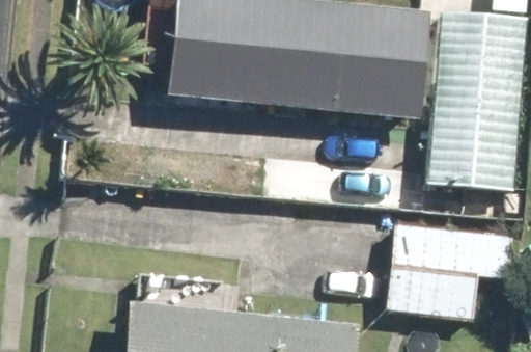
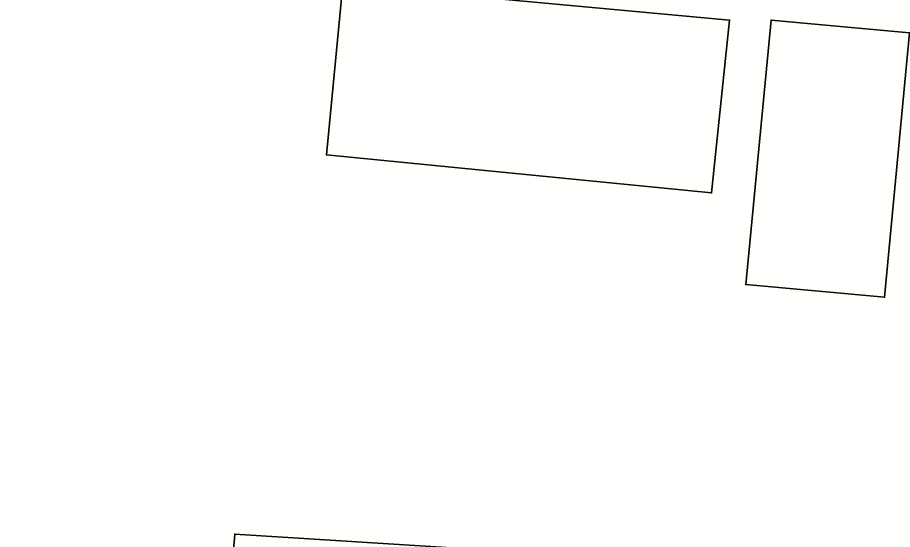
building: [389,228,474,309] -> none

